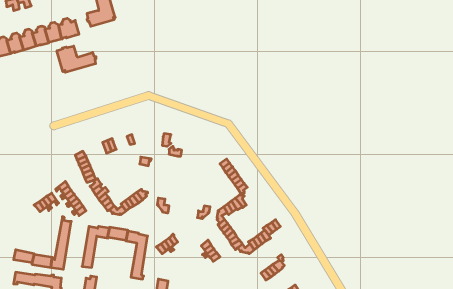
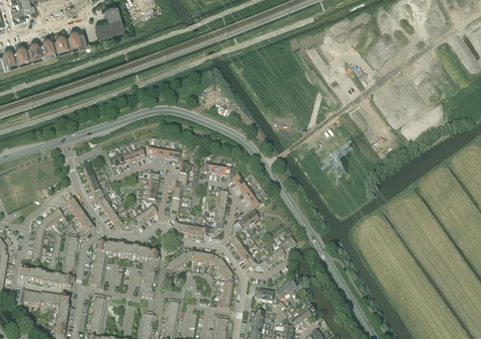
building: [57,46,96,72] -> none

